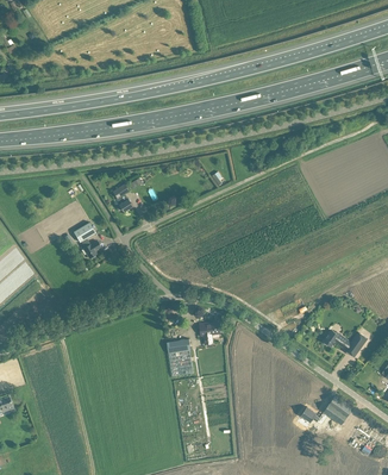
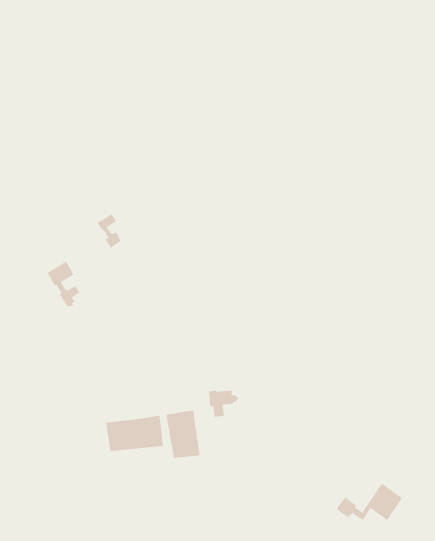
building: [324,330,368,357] -> none
building: none -> [105,415,163,452]

